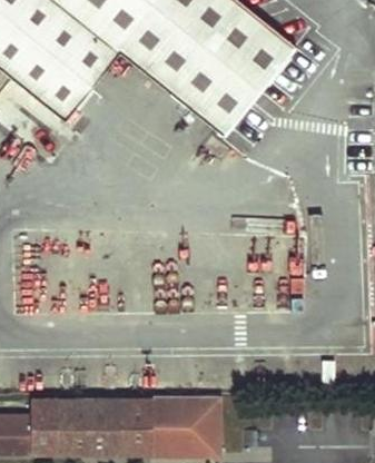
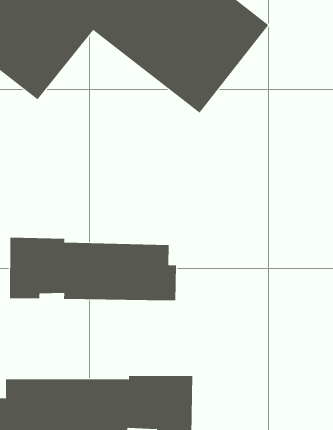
building: none -> [9,237,176,301]

